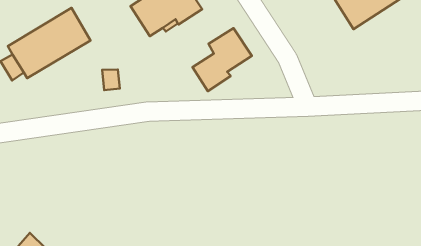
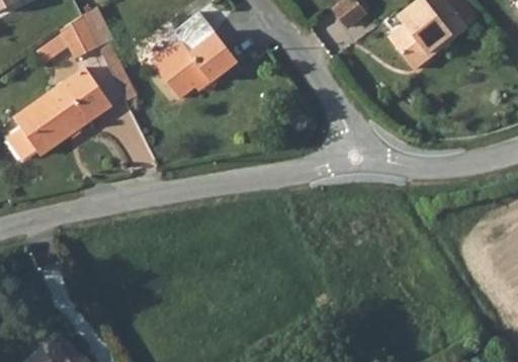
building: [192,28,252,91] -> none

